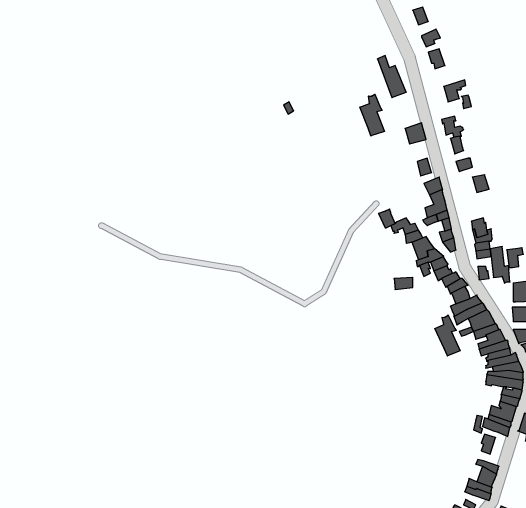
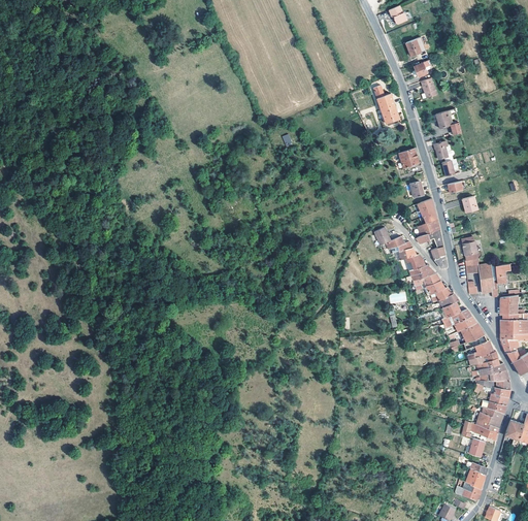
building: [360,94,385,136] -> none
building: [435,315,460,356] -> none

